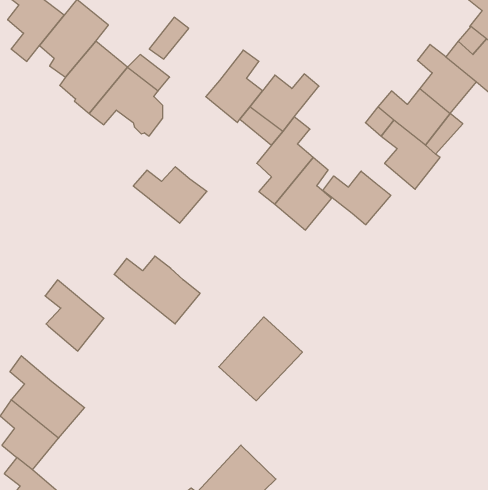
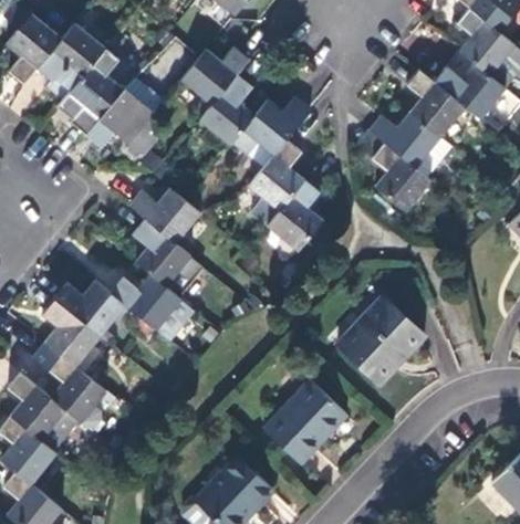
building: none -> [183,45,251,103]
building: [323,171,391,225] -> none
building: none -> [134,218,204,297]
building: none -> [56,279,126,335]
building: none -> [337,297,423,384]
building: [219,317,302,401] -> [263,382,345,464]
building: none -> [35,343,107,431]

